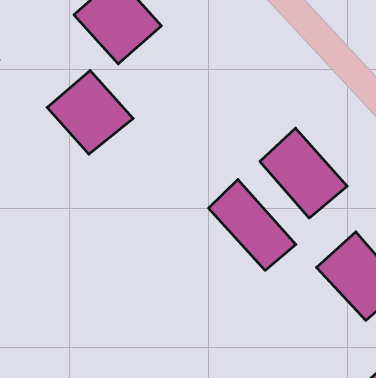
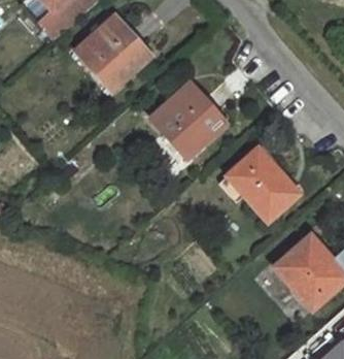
building: [47,70,133,154] -> [153,87,226,157]
building: [209,179,296,270] -> none

